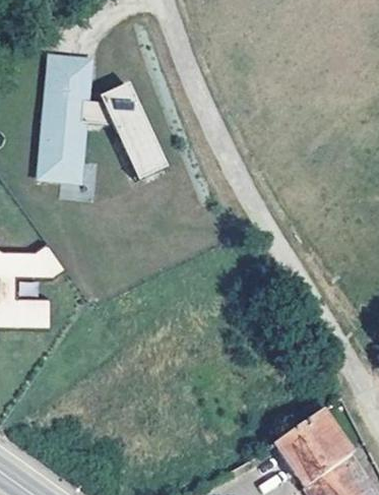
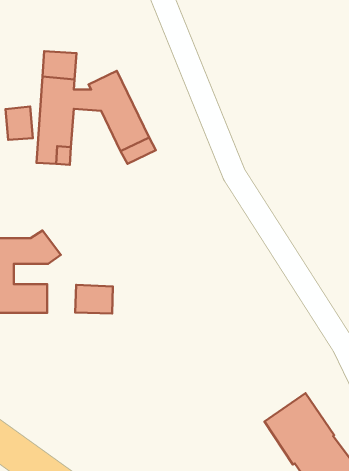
building: none -> [6,107,33,140]
building: none -> [75,285,113,313]

